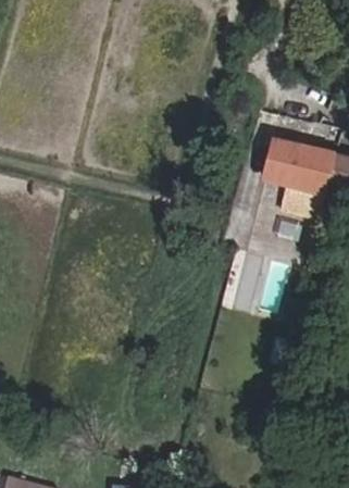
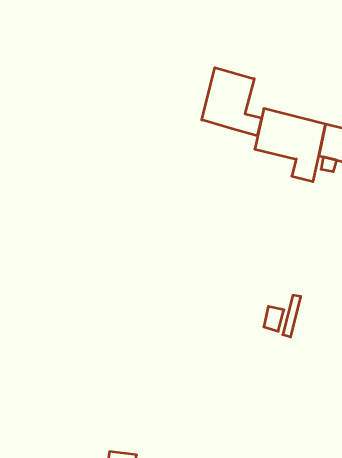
building: none -> [202,68,262,136]

